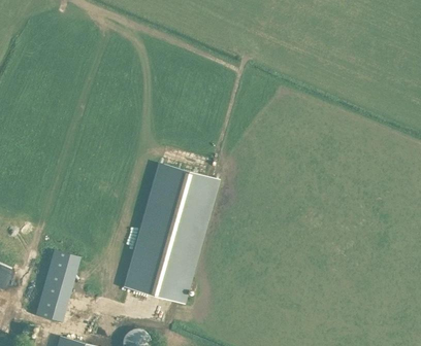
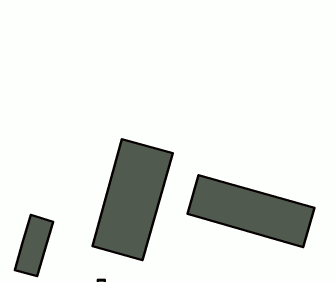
building: none -> [188,175,315,247]

